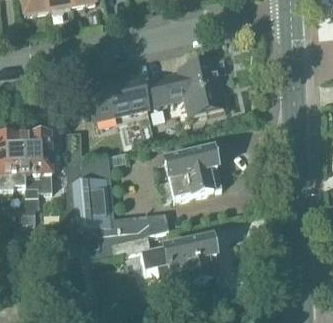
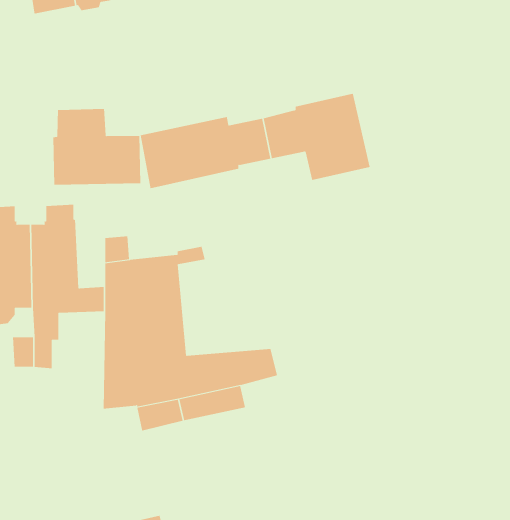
building: none -> [53,108,141,186]
building: [155,149,222,201] -> none
building: [142,237,220,286] -> none

